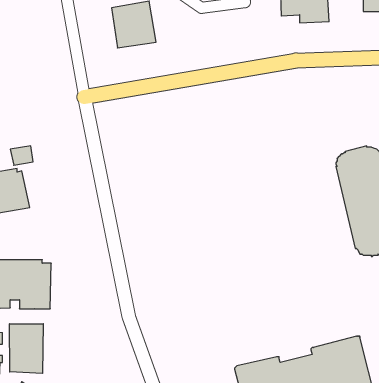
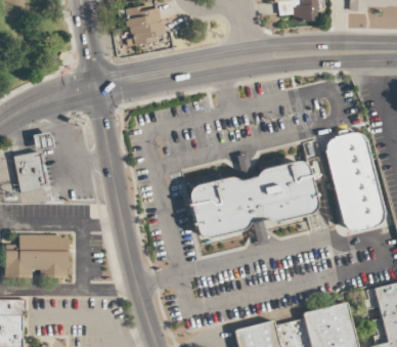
building: none -> [189,162,318,238]
building: [10,324,43,373] -> none

